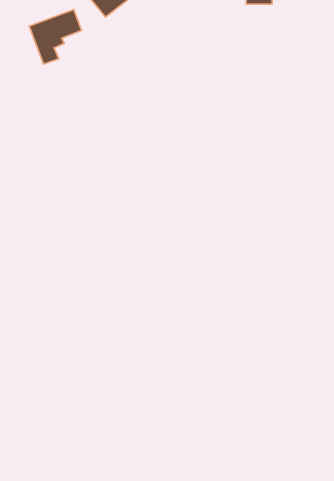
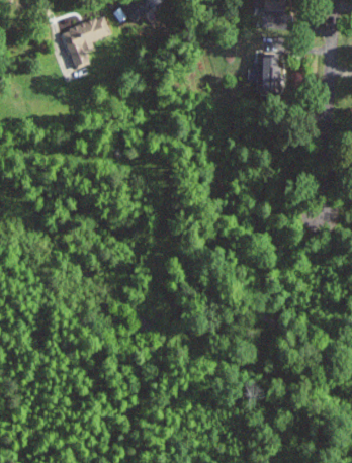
building: none -> [250,55,281,91]

